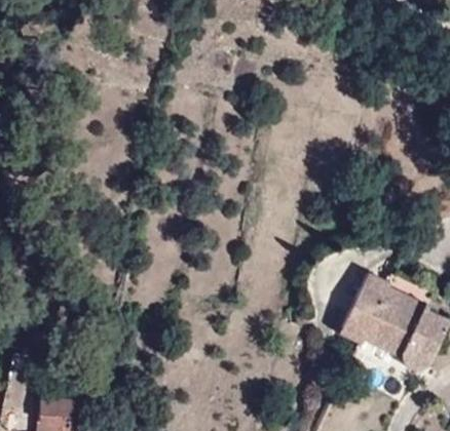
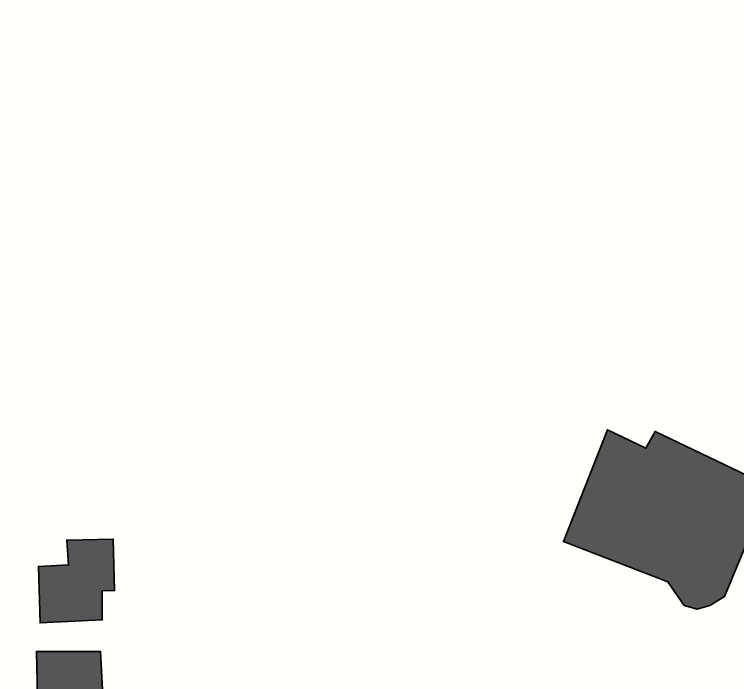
building: none -> [38,539,114,623]

